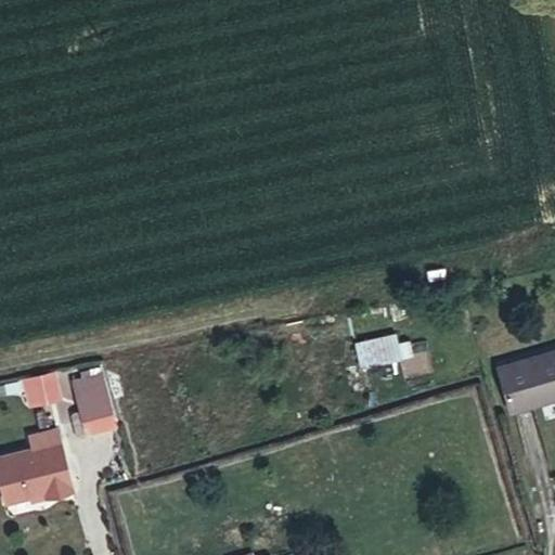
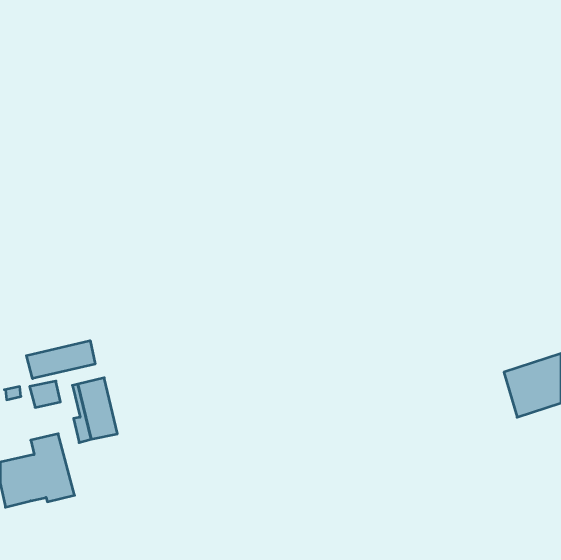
building: [356,336,401,369] -> none
building: none -> [26,341,95,379]

